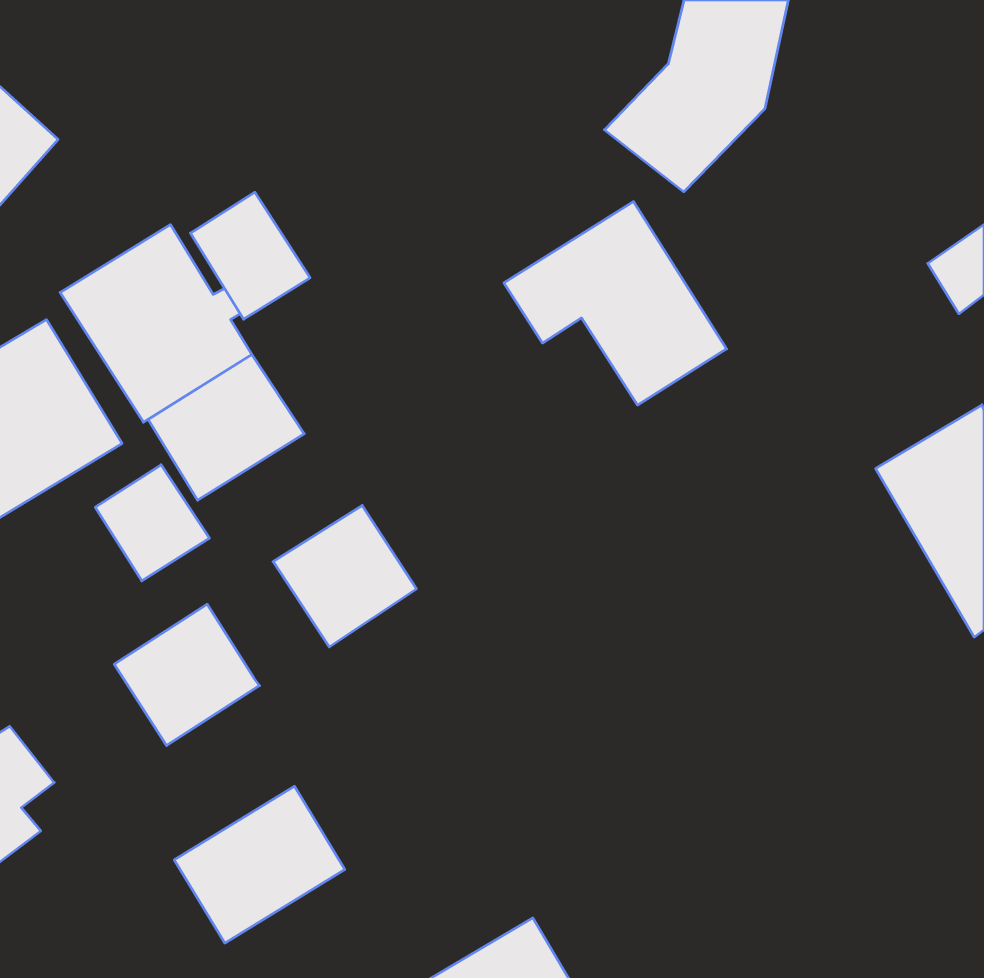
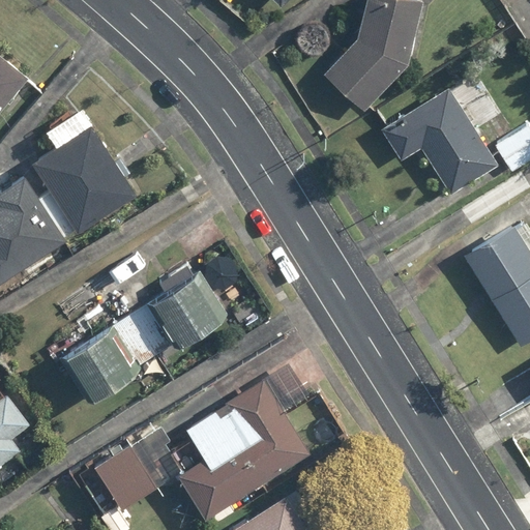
building: [190,192,310,319] -> none
building: [504,202,727,405] -> [380,87,499,196]
building: [148,354,304,500] -> none
building: [95,465,209,581] -> [111,306,172,369]
building: none -> [181,378,312,517]

